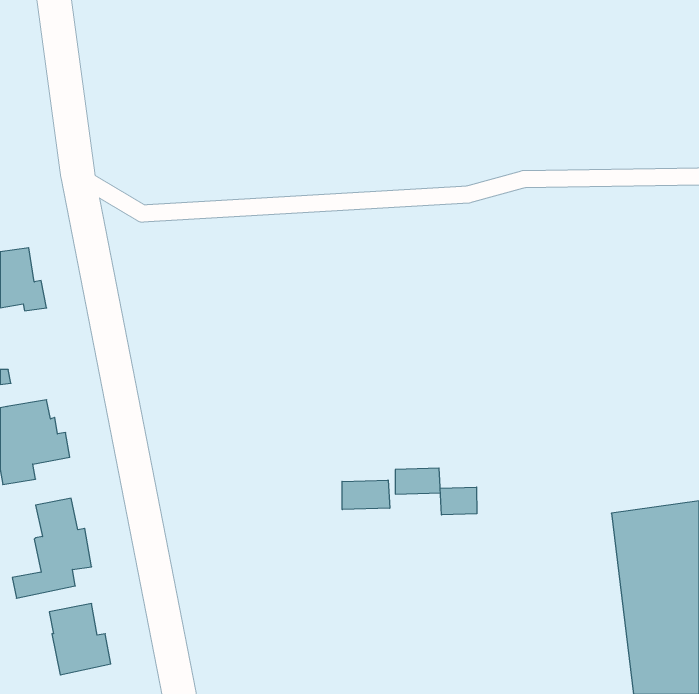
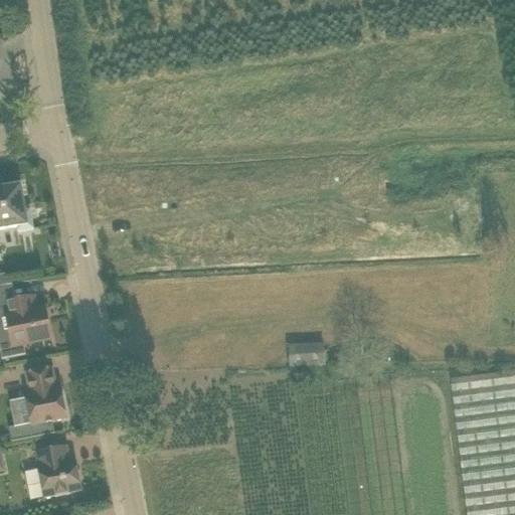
building: [342,480,390,510] -> none
building: [440,487,477,515] -> none

